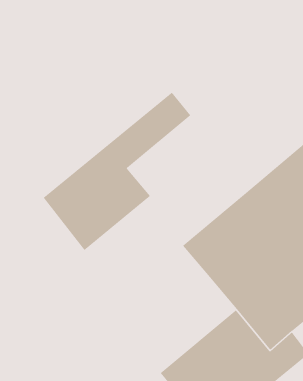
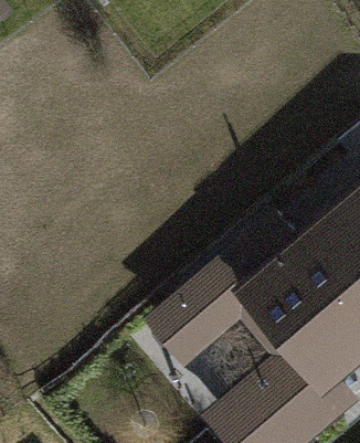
building: [43,92,191,251] -> [137,208,292,373]

